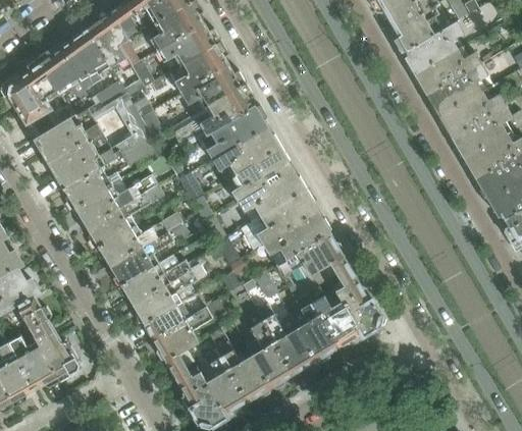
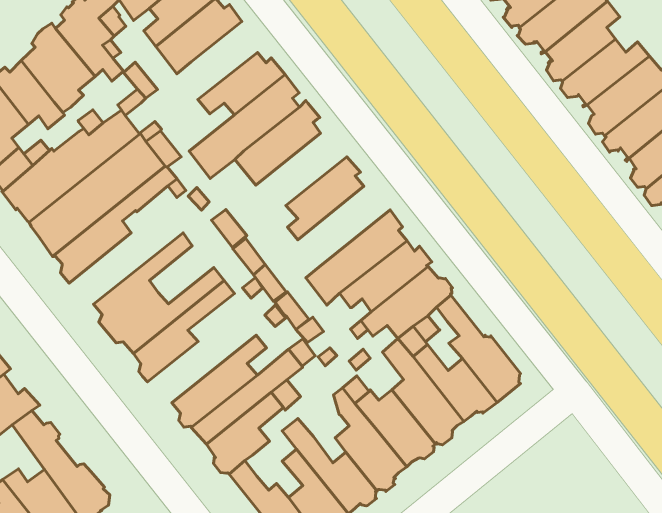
building: [168,41,227,92] -> none
building: [213,127,280,179] -> none
building: [238,169,306,222] -> none
building: [71,174,157,226] -> none
building: [117,255,188,303] -> none

